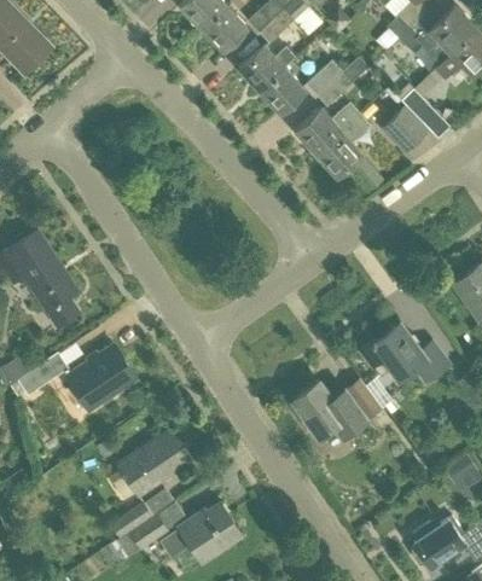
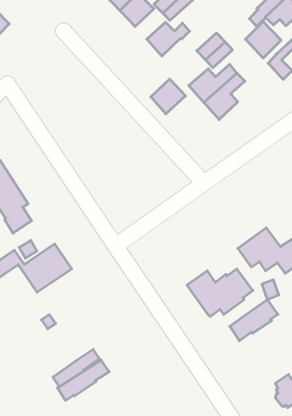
building: [259,66,306,114] -> [151,79,186,114]
building: [381,104,429,153] -> [245,21,281,58]
building: none -> [230,299,278,341]
building: [118,429,192,494] -> none
building: [159,504,240,559] -> none

